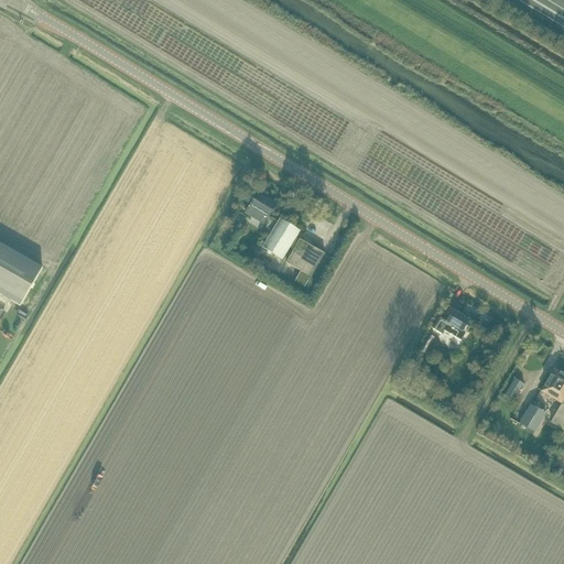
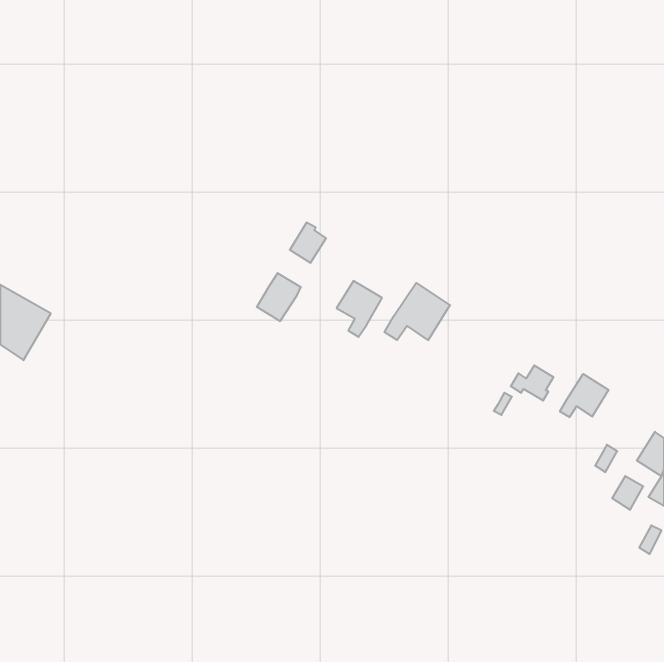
building: [262,217,300,258] -> [257,273,301,321]
building: none -> [385,283,450,340]
building: none -> [560,374,608,417]

